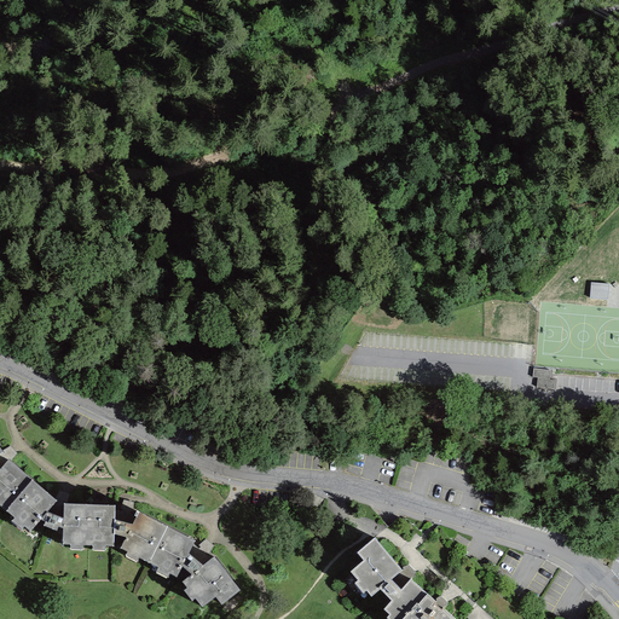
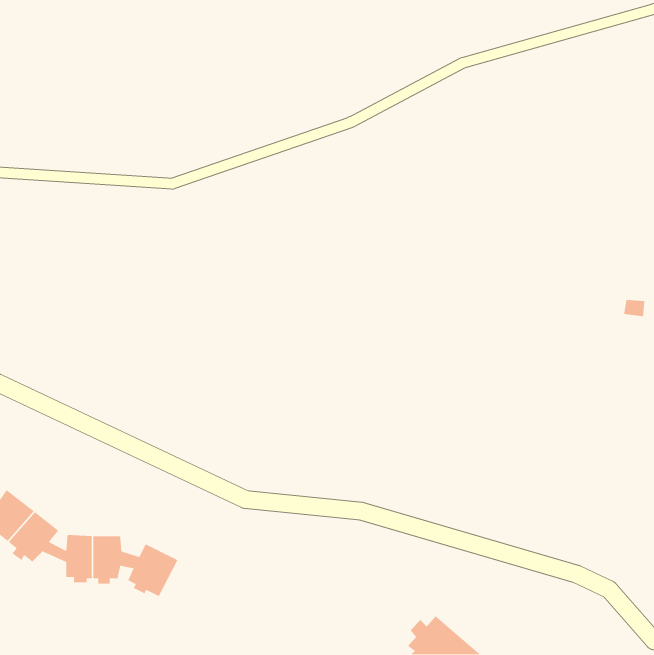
building: [150,527,239,608] -> none
building: [351,538,400,595] -> none

